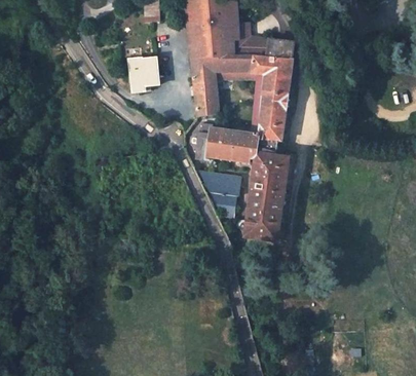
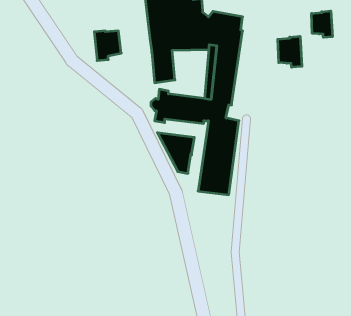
building: none -> [312,11,332,37]
building: none -> [278,36,302,67]

